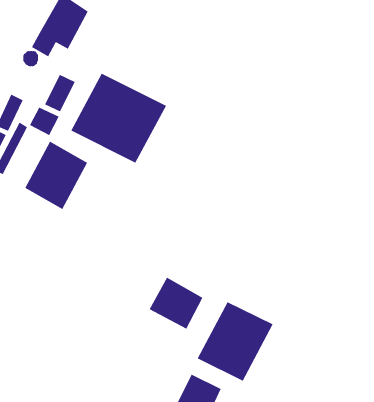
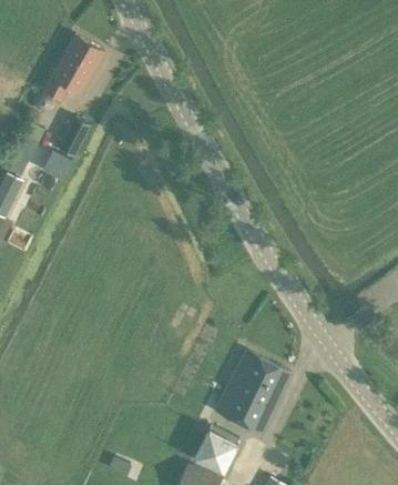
building: [70,73,167,163] -> none
building: [25,141,88,210] -> none
building: [149,277,203,329] -> none

